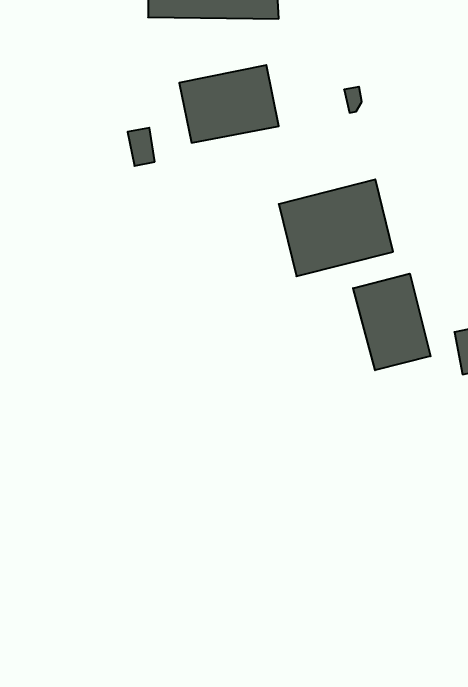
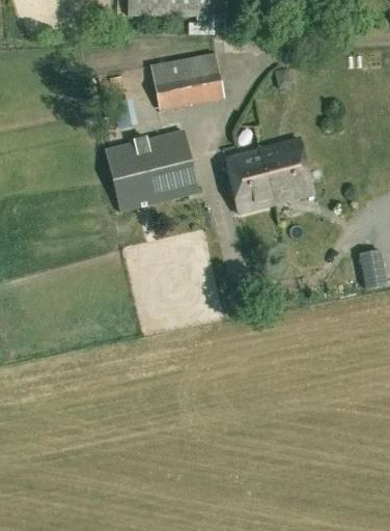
building: none -> [106,130,198,212]
building: [353,274,431,370] -> none

